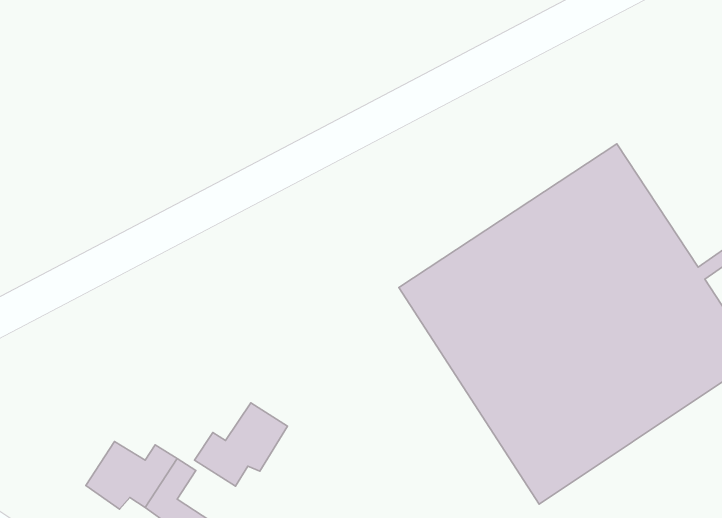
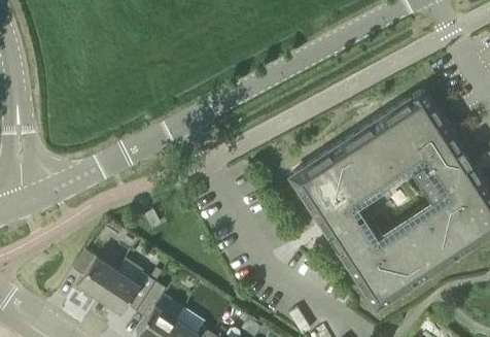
building: [195,403,287,486] -> none
building: none -> [73,248,117,297]

